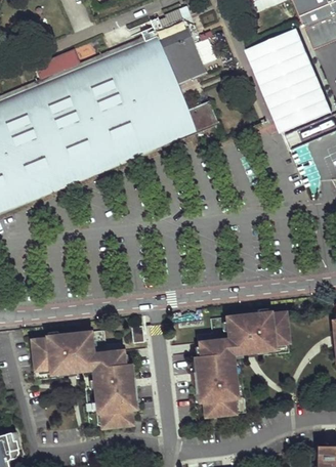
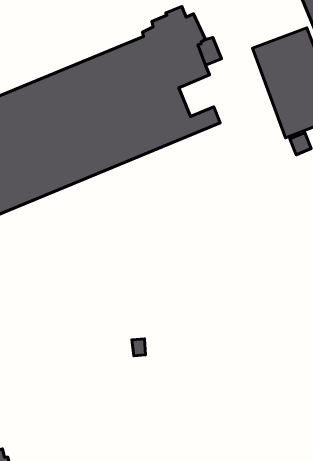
building: [191,312,288,417] -> none
building: [31,332,136,428] -> none

